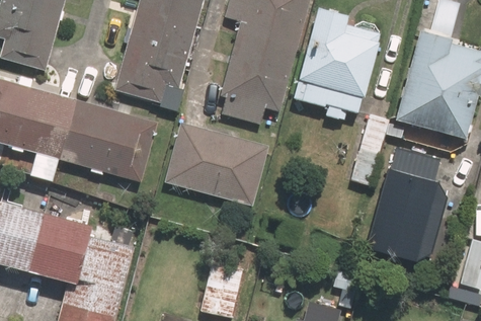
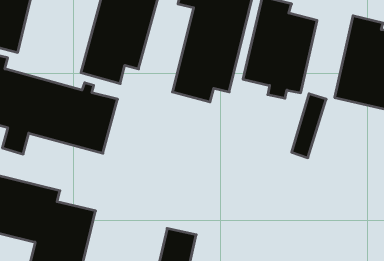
building: [162,123,267,206] -> none
building: [371,147,448,261] -> none

